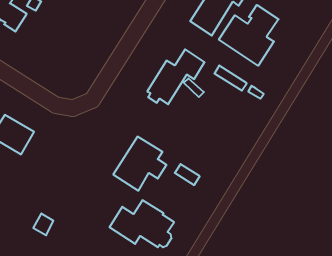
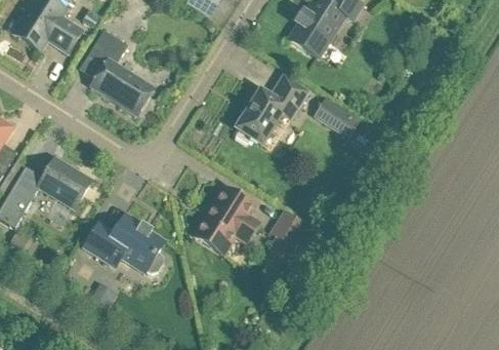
building: [219,5,279,66] -> none
building: none -> [87,30,155,116]
building: [109,200,174,247] -> [83,212,165,272]

